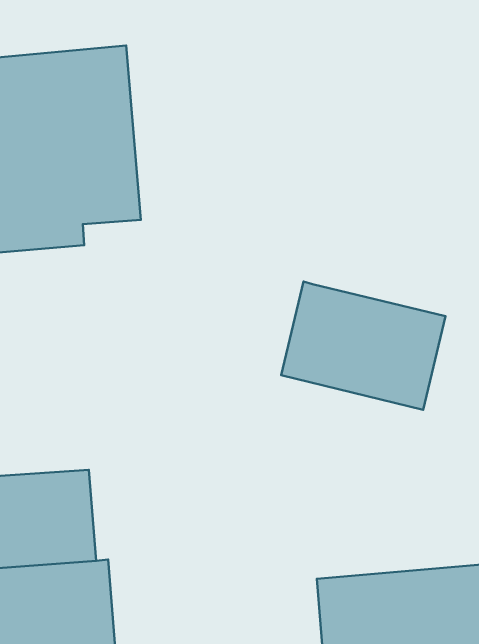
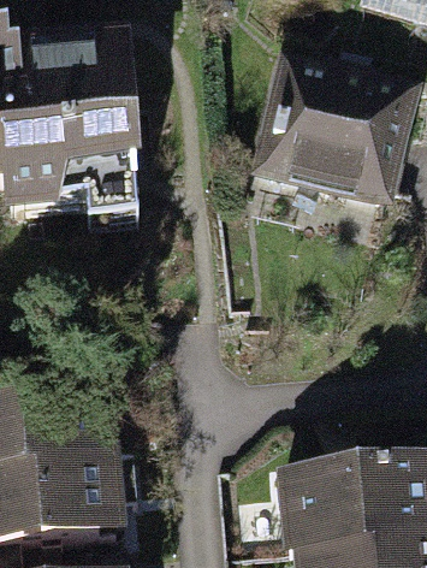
building: none -> [260,63,403,195]
building: [281,281,446,410] -> none

